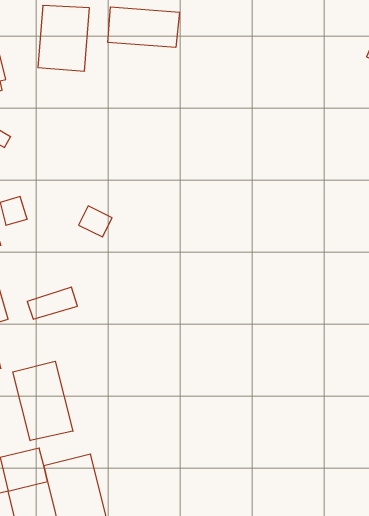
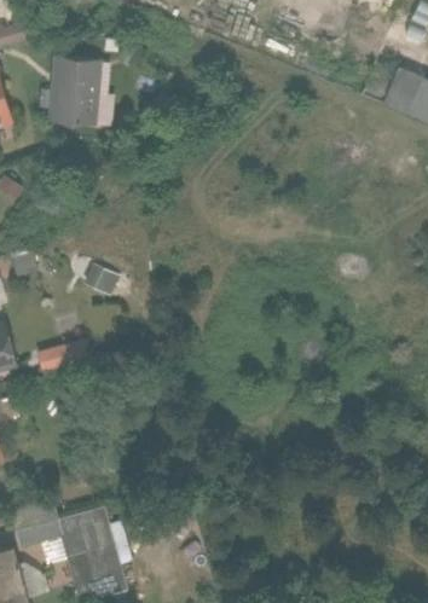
building: [108,7,180,47] -> none
building: [13,361,73,441] -> none

